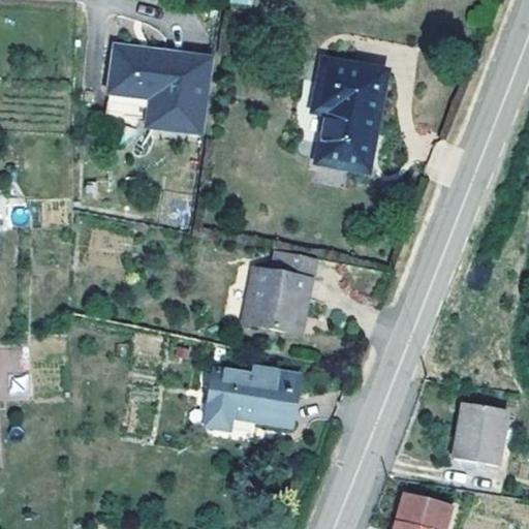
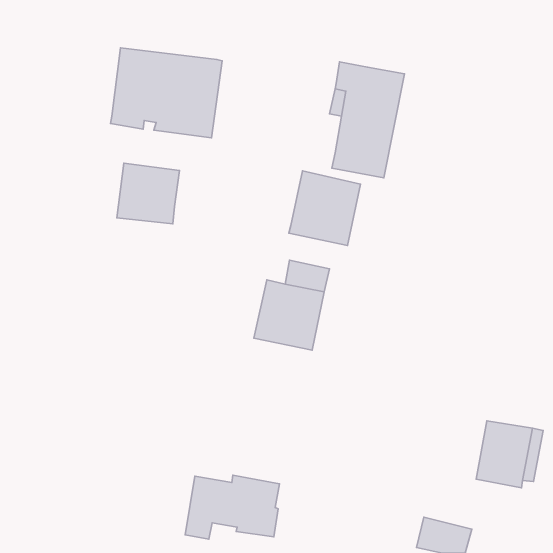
building: none -> [117,163,179,224]
building: none -> [289,171,360,245]
building: [206,366,295,427] -> [185,475,279,539]

